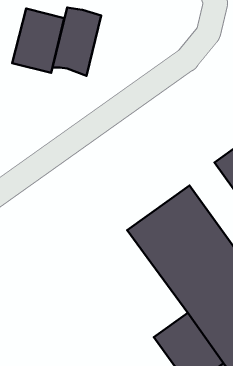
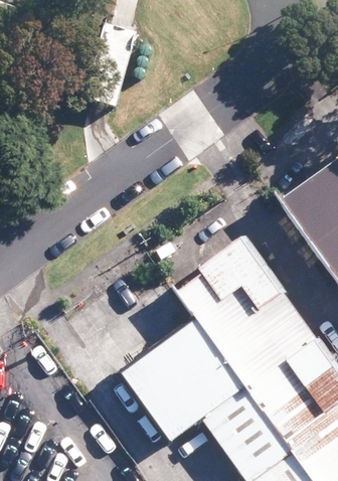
building: [12,8,64,73] -> none
building: none -> [128,328,248,448]

